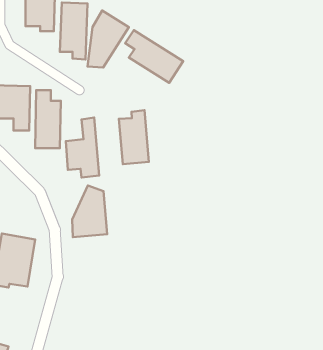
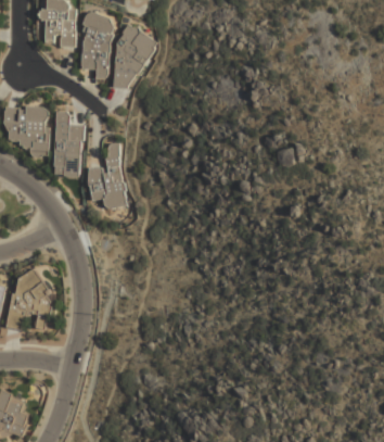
building: [125,30,183,83] -> none
building: [119,110,149,164] -> none
building: [72,185,107,237] -> none

